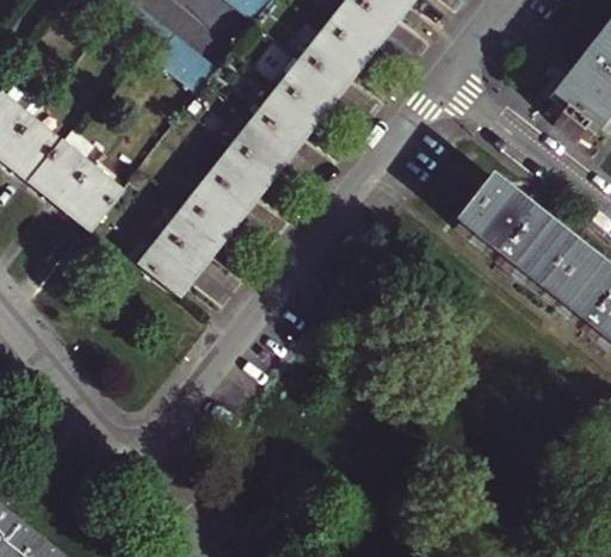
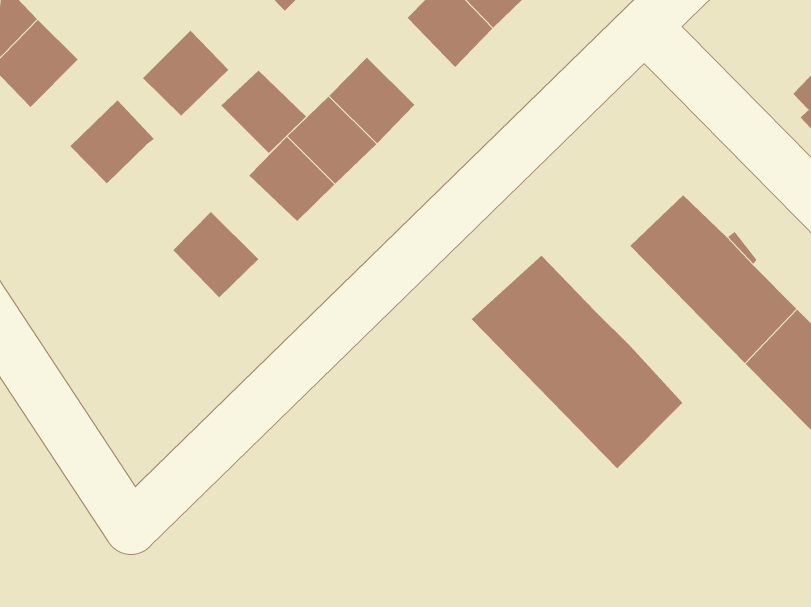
building: [261,79,322,137] -> none
building: [37,135,95,194] -> [142,30,229,117]
building: [168,199,228,255] -> [221,70,307,154]
building: none -> [471,255,683,469]

